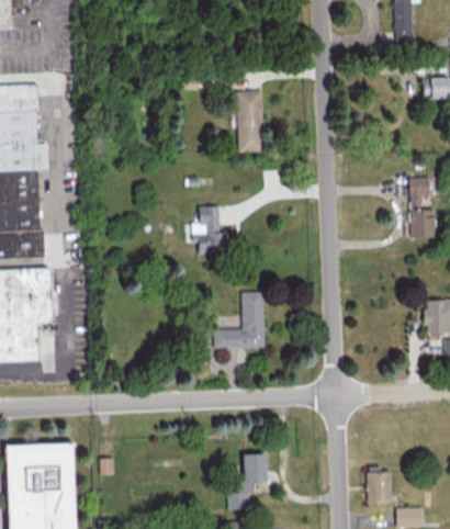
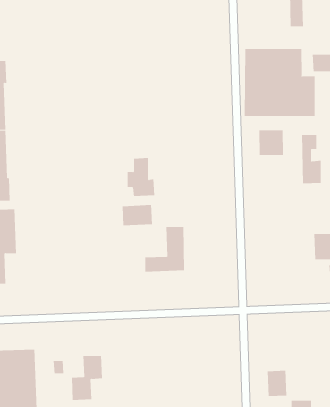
building: none -> [244,48,315,117]
building: [236,90,262,151] -> none
building: none -> [259,129,284,156]
building: none -> [122,204,152,226]
building: [227,453,267,509] -> [71,356,103,401]

